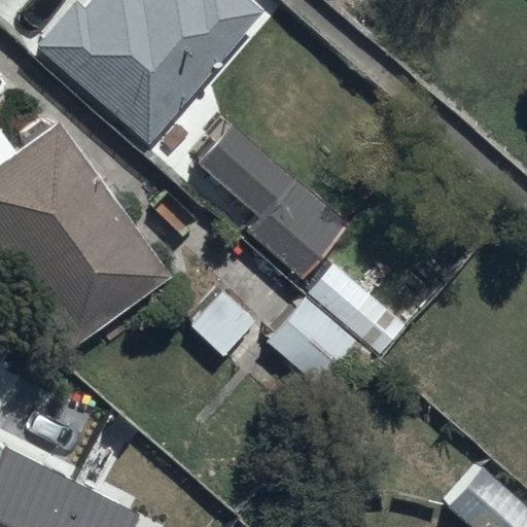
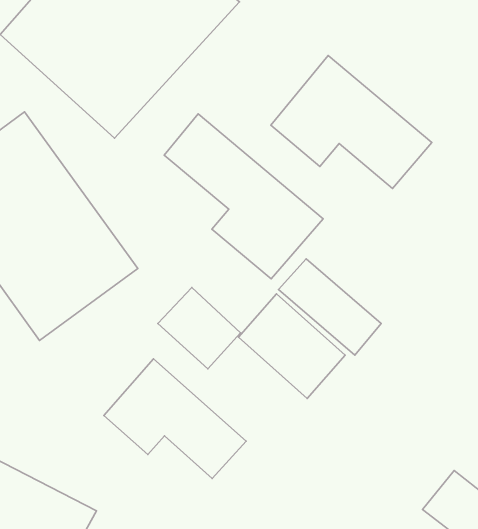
building: none -> [271,55,432,189]
building: none -> [104,359,246,479]

